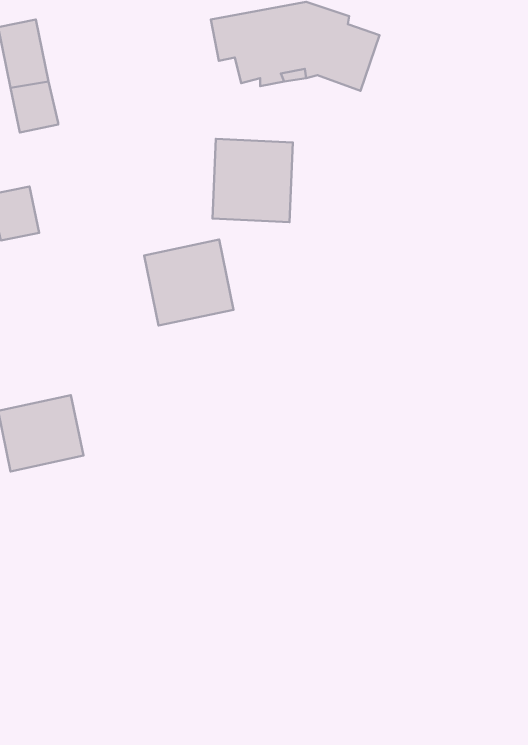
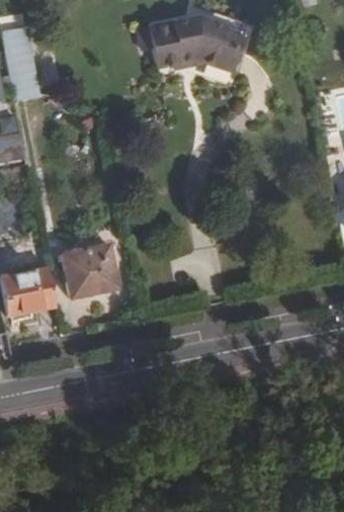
building: [212,139,293,222] -> none
building: [144,240,233,326] -> [61,242,117,296]

